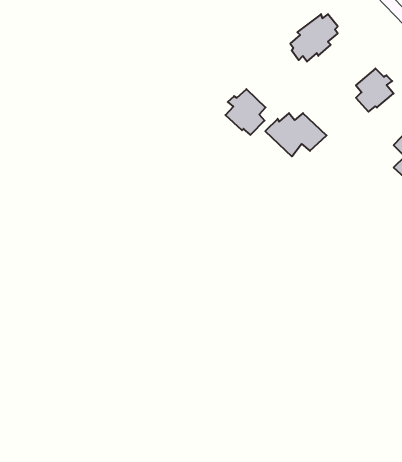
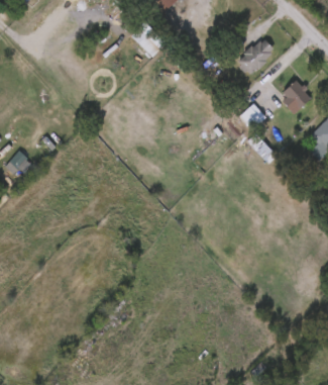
building: [225,89,266,135] -> none

